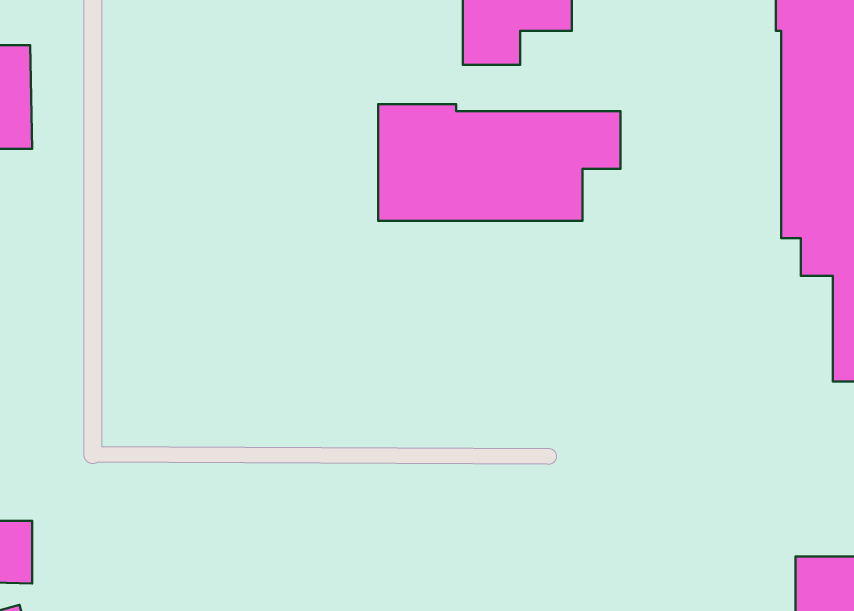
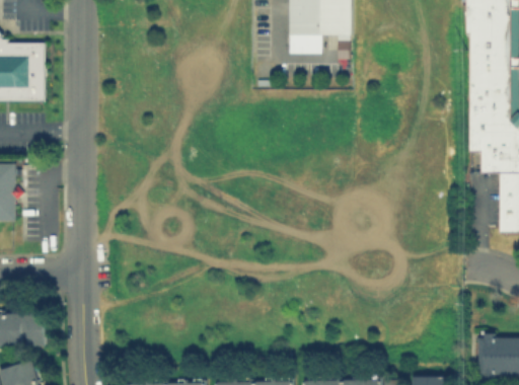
building: [378,104,620,221] -> none

